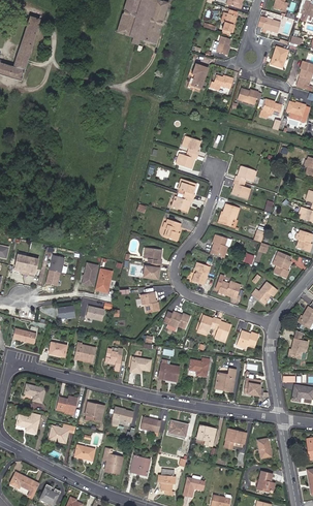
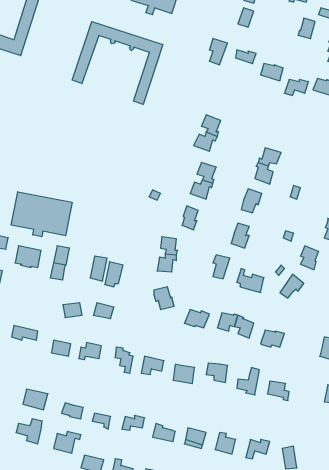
building: none -> [72,22,163,104]
building: none -> [11,192,72,237]

